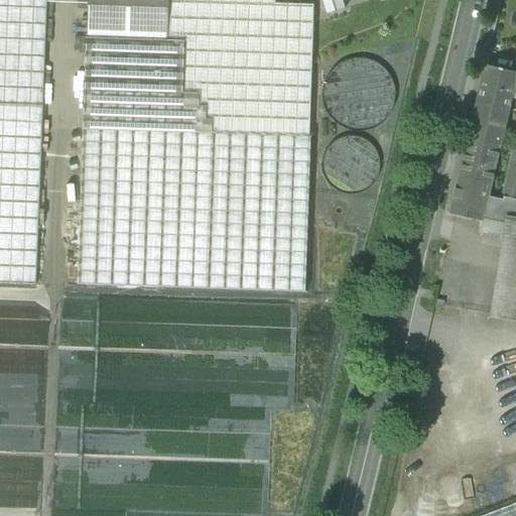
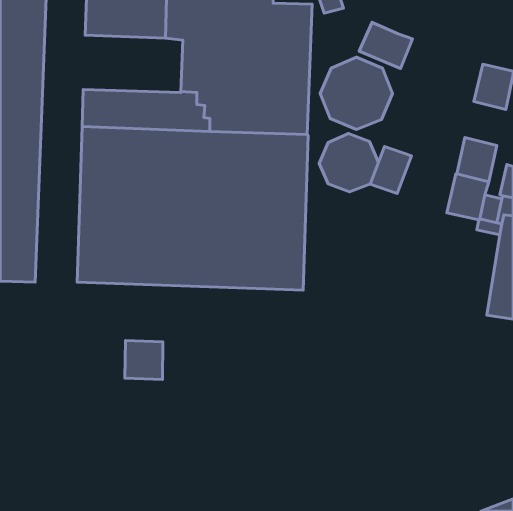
building: none -> [359,22,412,69]
building: [84,35,183,93] -> none
building: [467,102,508,146] -> none
building: none -> [370,147,411,194]
building: none -> [125,341,163,379]

